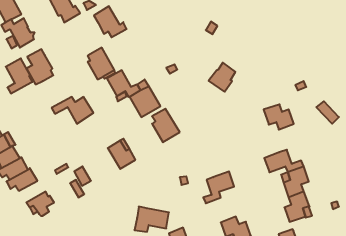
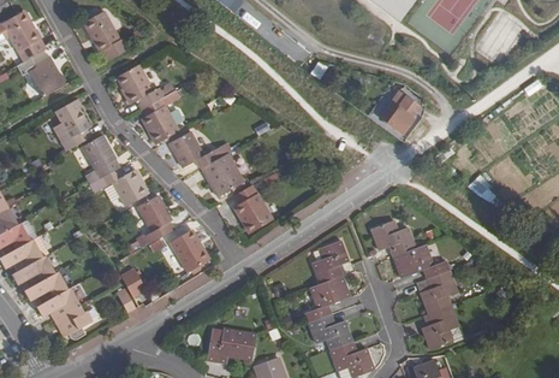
building: [94,6,127,37] -> [115,63,162,107]
building: [6,58,33,93] -> [81,132,119,183]
building: [209,63,235,92] -> [376,90,415,132]
building: [264,104,294,130] -> [371,219,415,255]
building: none -> [136,194,173,242]
building: none -> [313,238,349,283]
building: none -> [35,287,79,319]
building: none -> [309,312,352,348]

